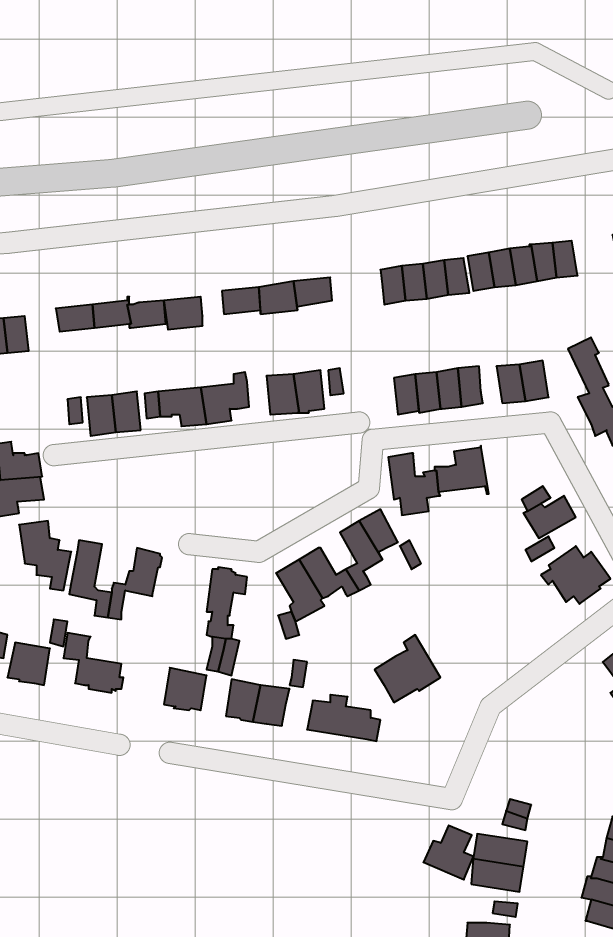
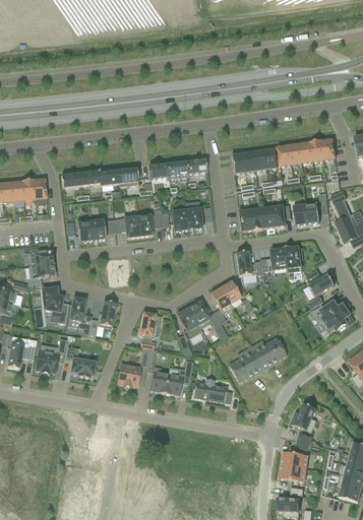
building: none -> [285,246,303,279]
building: none -> [250,336,287,369]
building: [423,825,474,880] -> [291,403,317,432]

